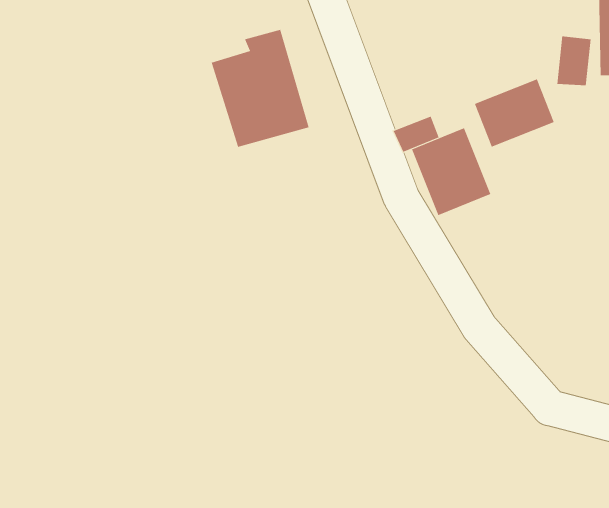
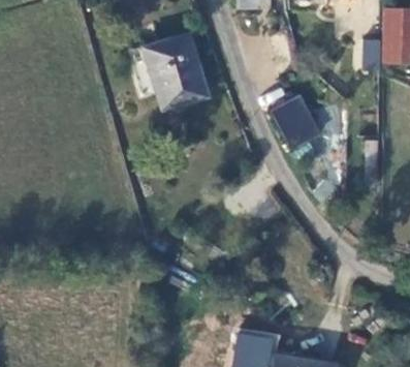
building: [474,78,554,148] -> none

